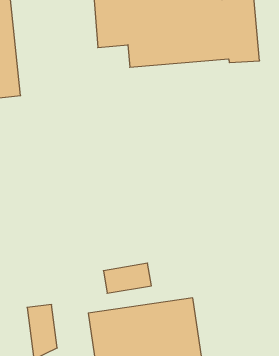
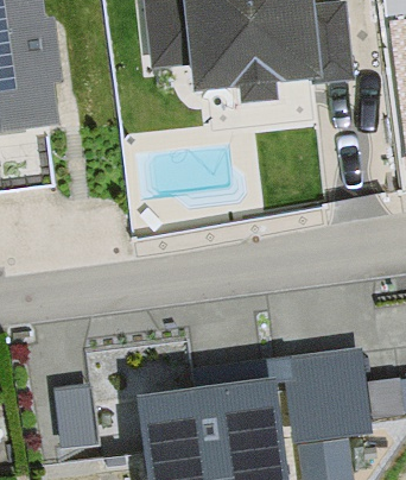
building: none -> [292,347,369,431]

